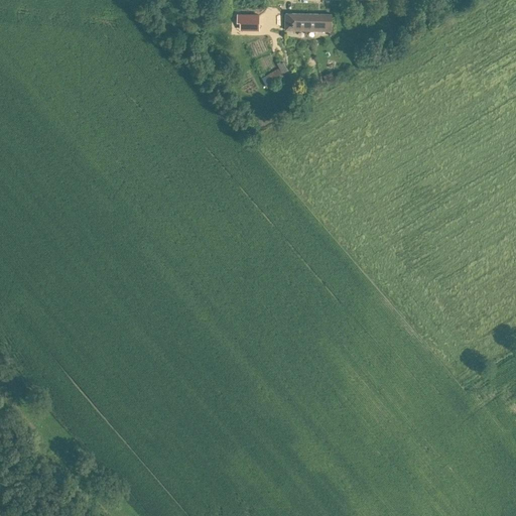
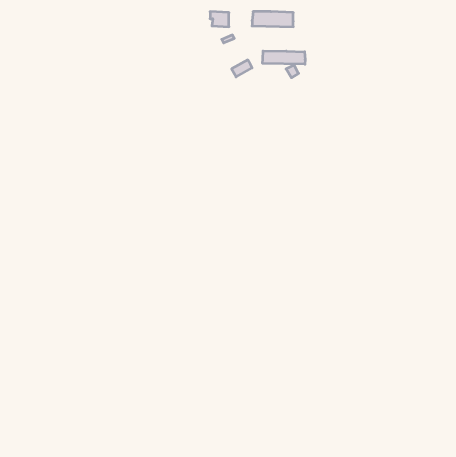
building: none -> [263,51,305,64]

